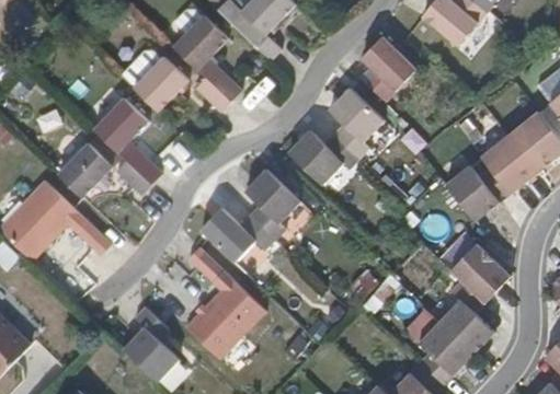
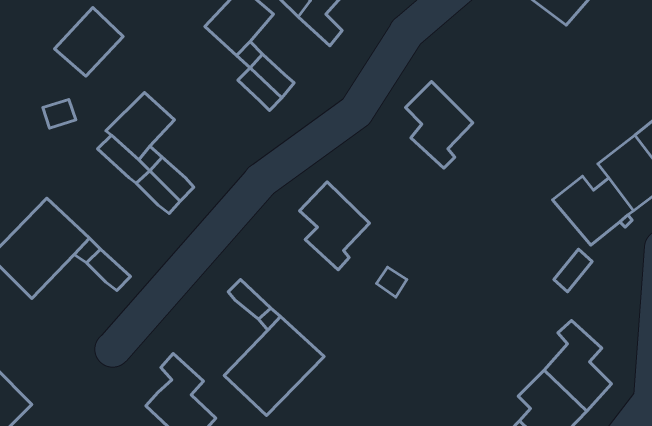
building: [361,37,415,101] -> none
building: [130,55,185,109] -> [54,8,123,76]
building: [289,130,361,184] -> none
building: [55,142,110,198] -> none
building: [203,208,276,262] -> none
building: [452,243,512,301] -> none

